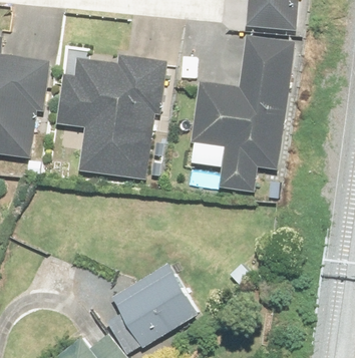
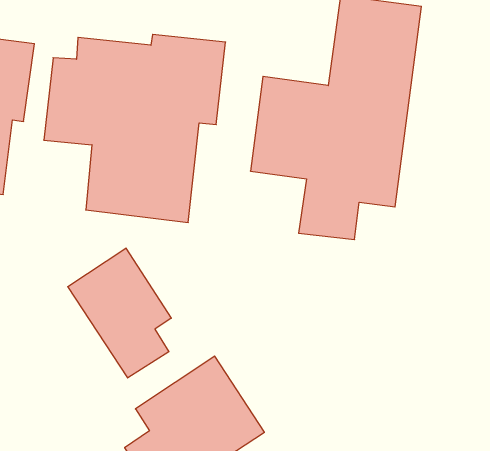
building: none -> [68,248,171,378]

